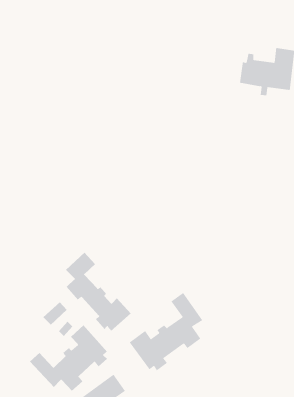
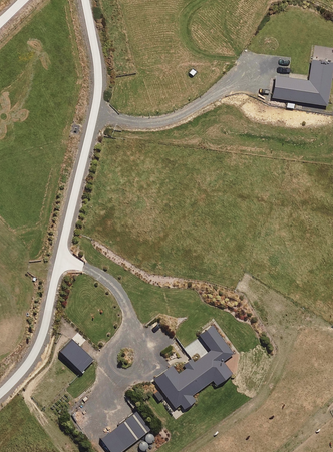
building: [65,252,131,332] -> none
building: [29,325,108,392] -> none

